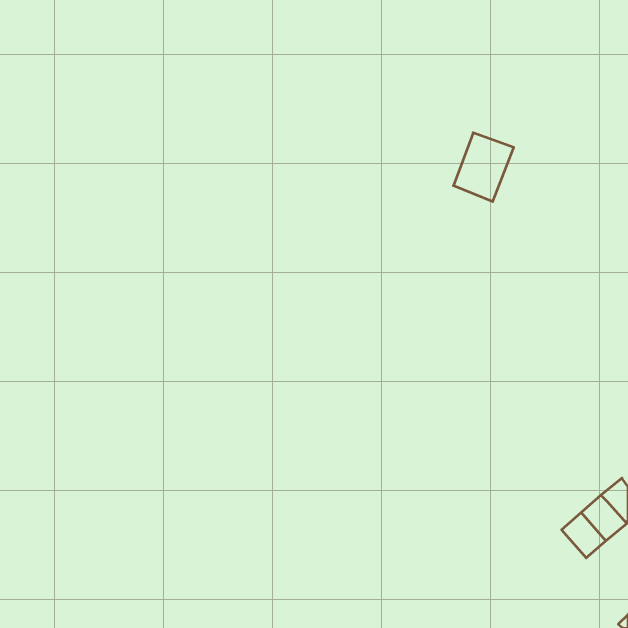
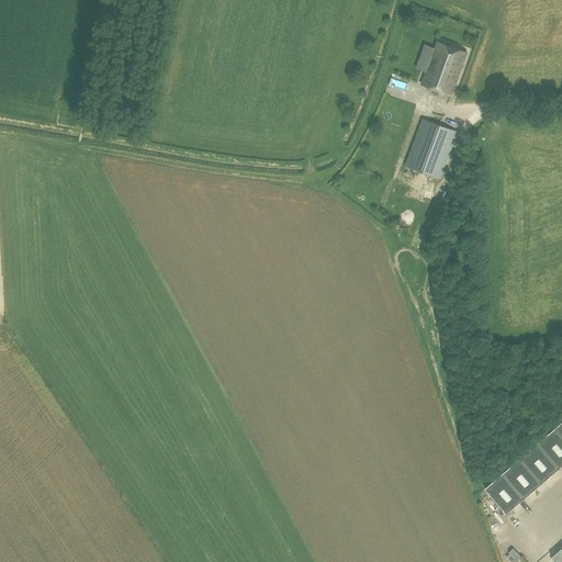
building: none -> [423,42,468,95]
building: none -> [484,473,524,514]

